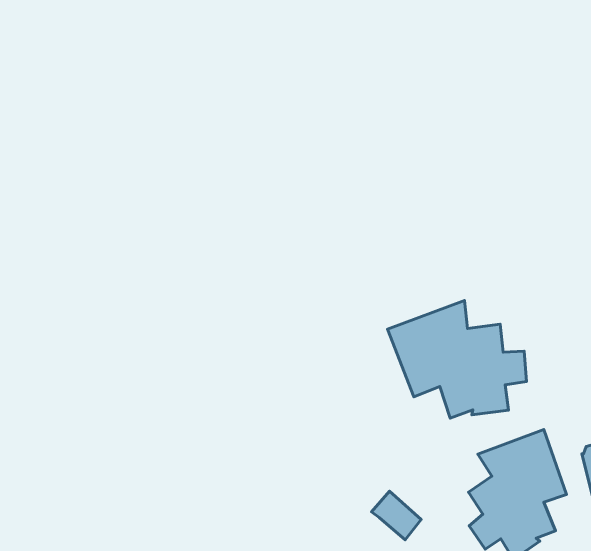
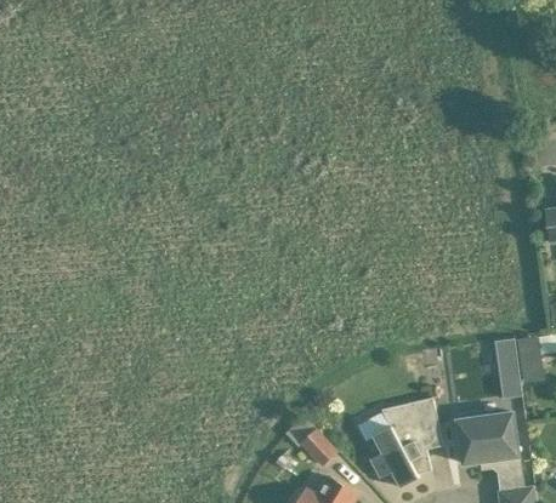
building: [387,301,526,418] -> none

